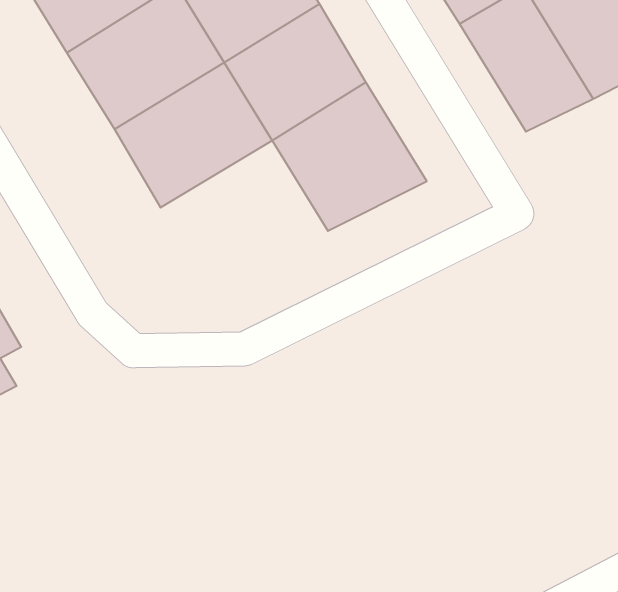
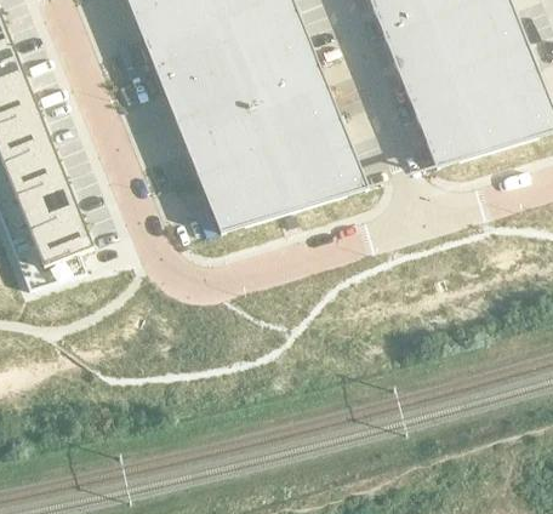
building: none -> [198,144,301,232]

